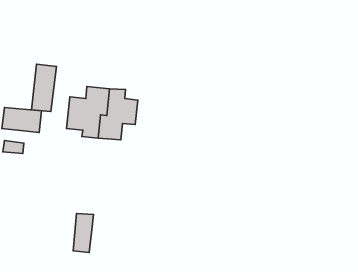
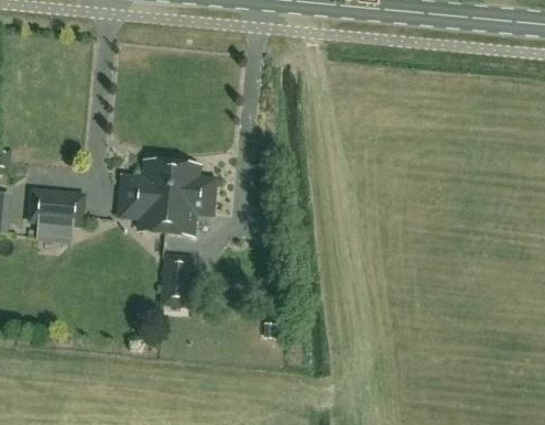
building: [31,64,56,112] -> none
building: [73,214,93,252] -> [163,249,190,302]

